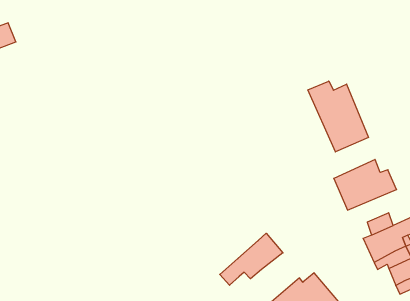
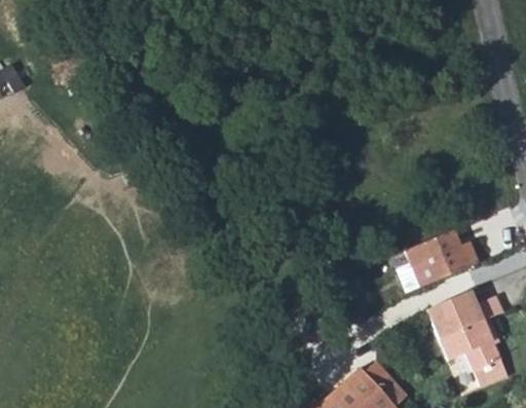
building: [308,81,369,152] -> none
building: [220,233,283,285] -> none

